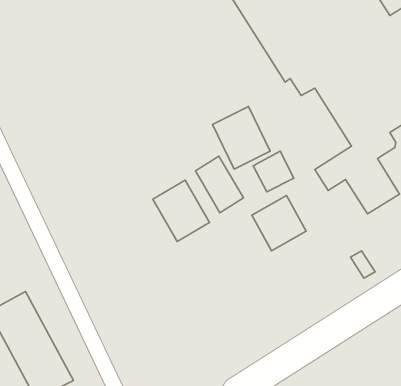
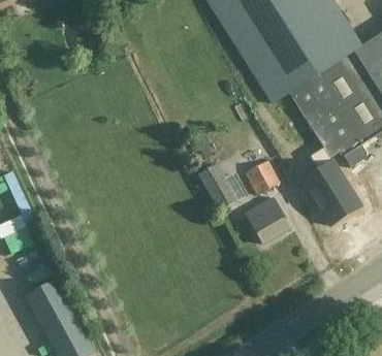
building: [212,106,270,169] -> none
building: [153,180,210,242] -> none

